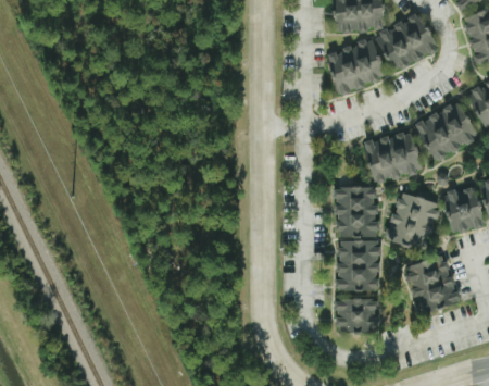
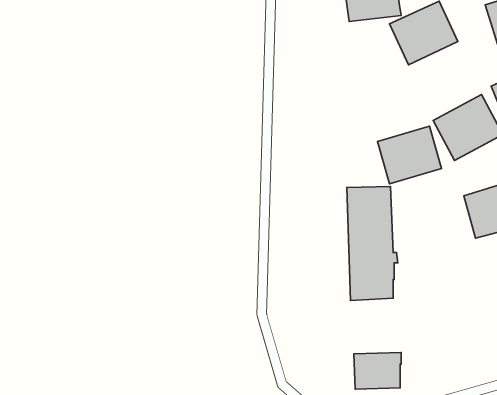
building: [326,38,388,95] -> none
building: [387,190,440,248] -> none
building: [408,254,459,312] -> none
building: [336,297,379,331] -> [354,353,401,389]

